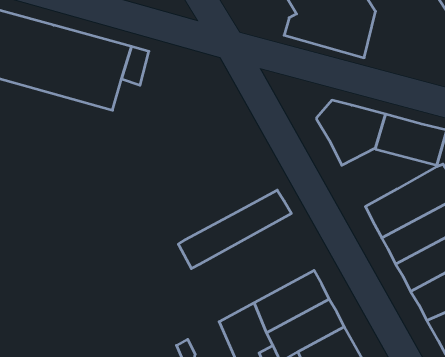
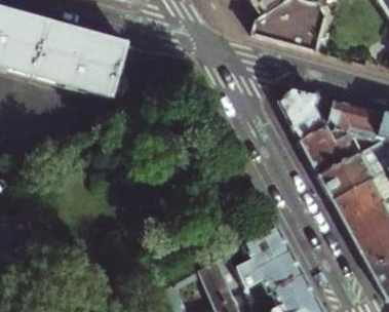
building: none -> [299,125,344,173]
building: [178,190,291,269] -> none

